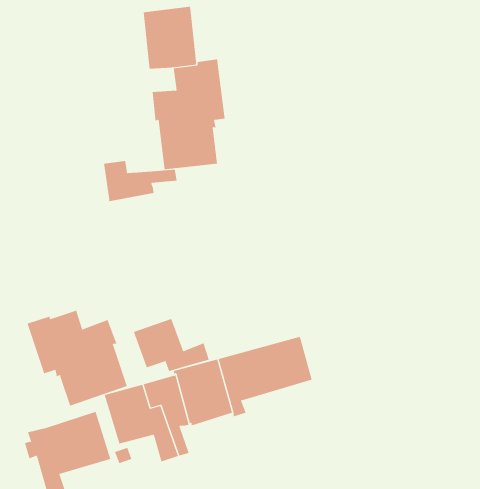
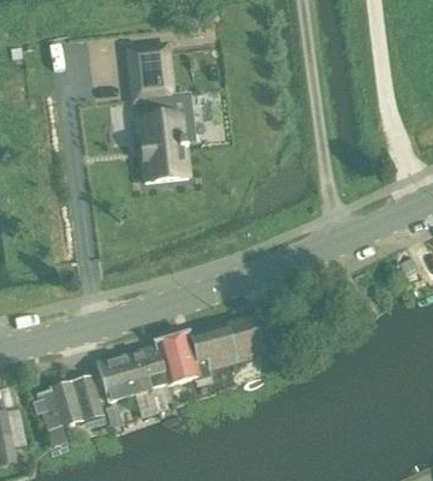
building: [103,160,177,202] -> none
building: [27,310,128,406] -> none
building: [133,318,209,372] -> none

